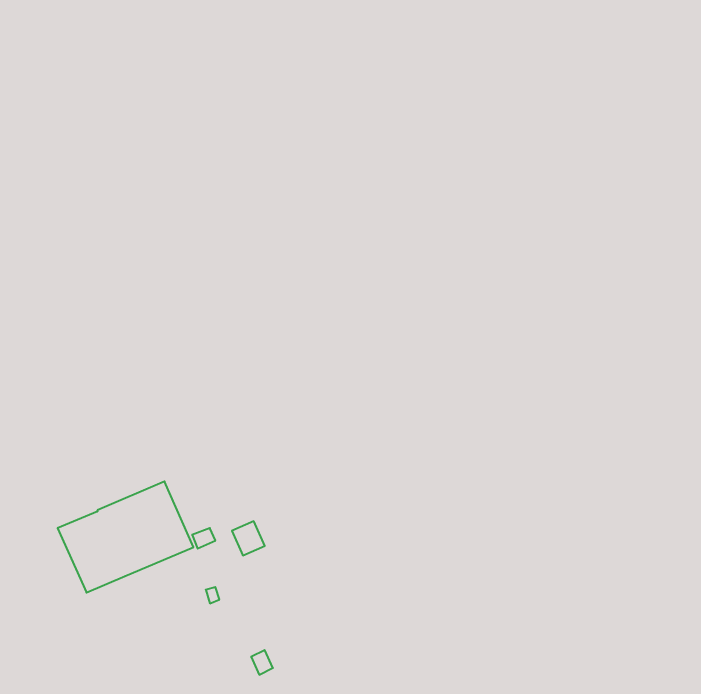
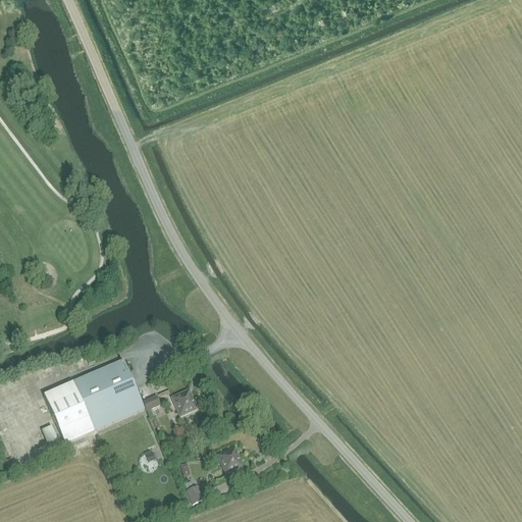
building: none -> [217,446,243,471]

